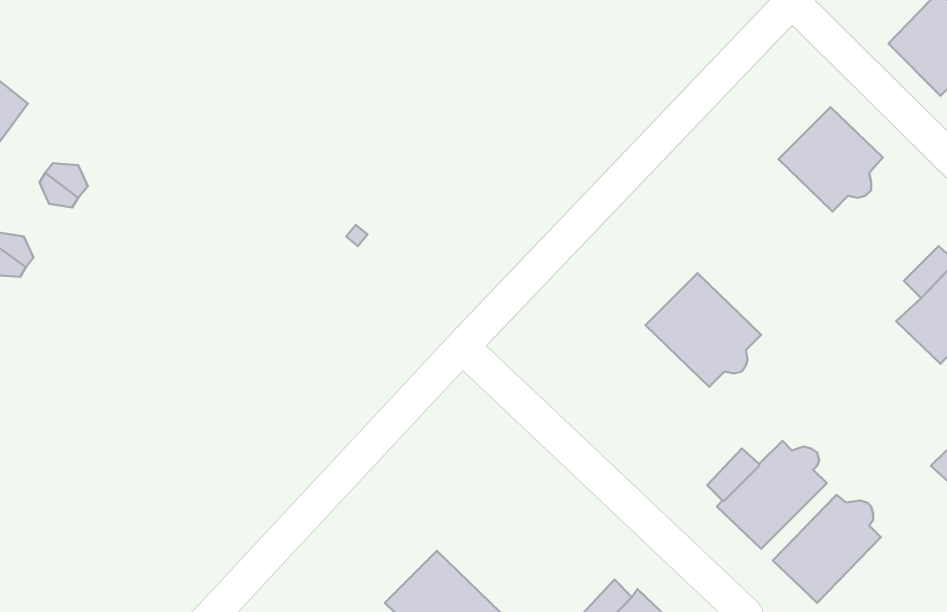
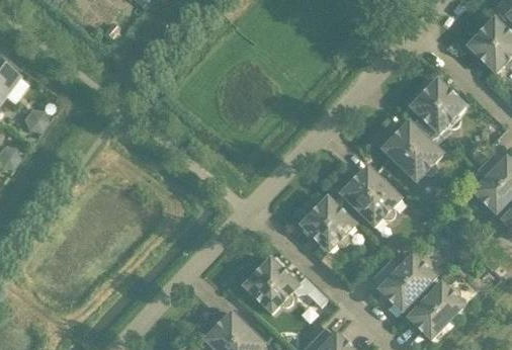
building: none -> [380,119,441,181]
building: none -> [298,196,353,251]
building: none -> [242,258,327,313]

